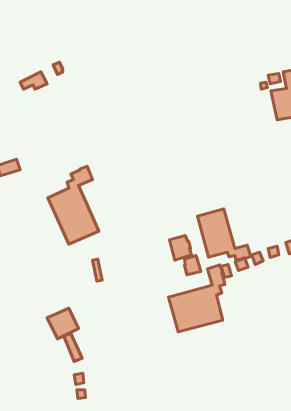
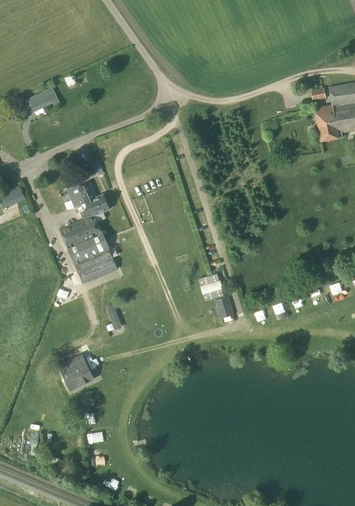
building: none -> [66,183,94,209]
building: [198,209,251,260] -> none
building: [169,265,225,332] -> none

